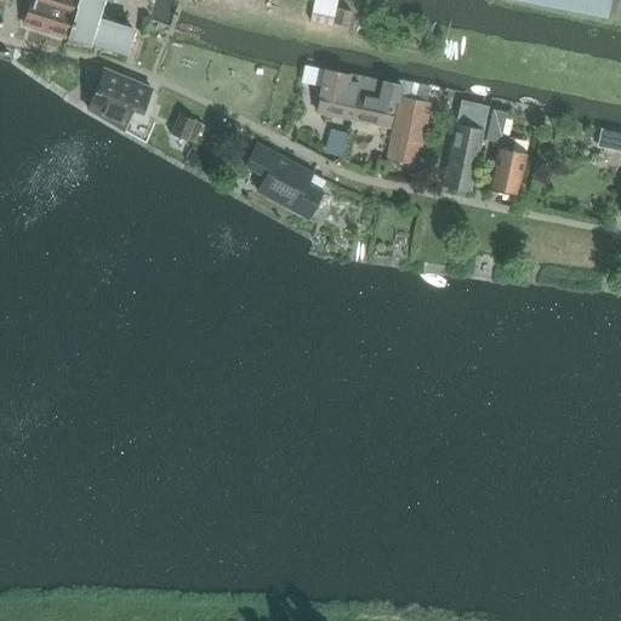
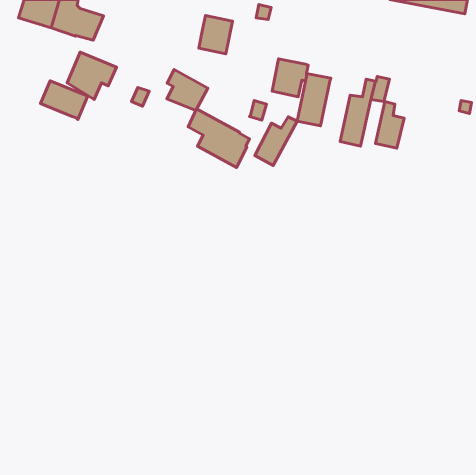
building: [319,69,363,119] -> [199,16,232,54]
building: none -> [167,70,208,110]
building: none -> [40,81,88,119]
building: none -> [255,117,297,165]

